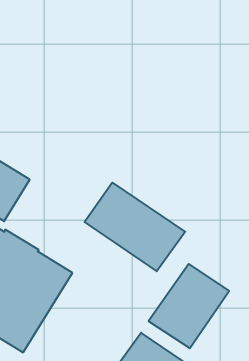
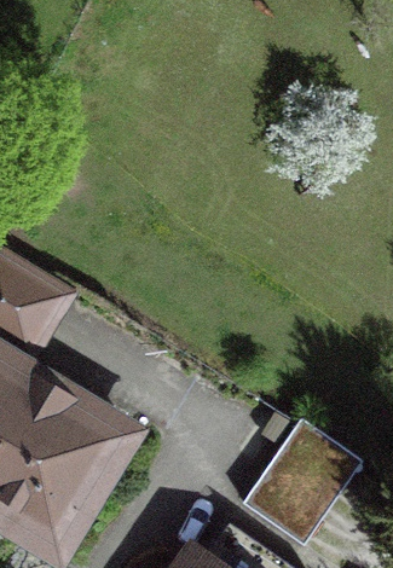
building: [85,183,185,271] -> none

